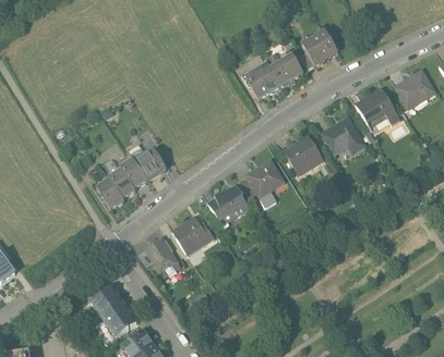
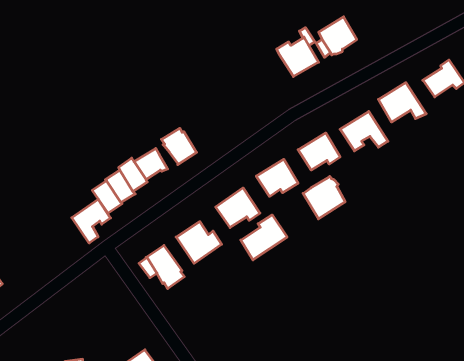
building: [248,64,279,99] -> none
building: none -> [161,128,197,165]
building: none -> [303,176,345,219]
building: none -> [72,199,111,243]
building: none -> [241,215,287,260]
building: [91,286,136,336] -> none

